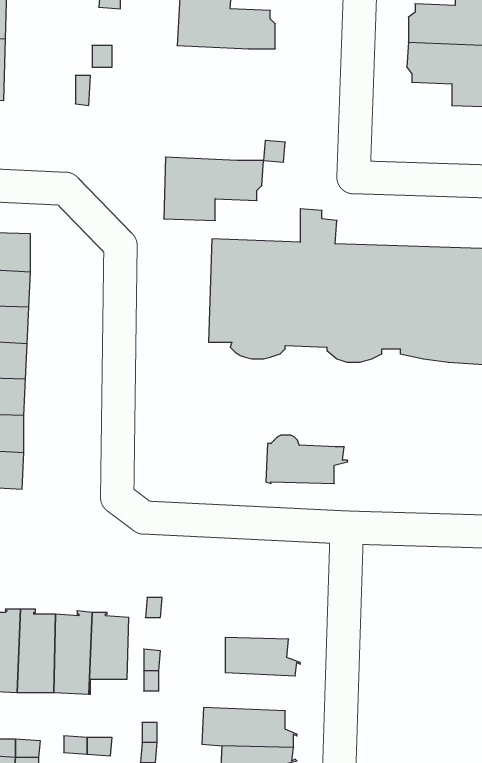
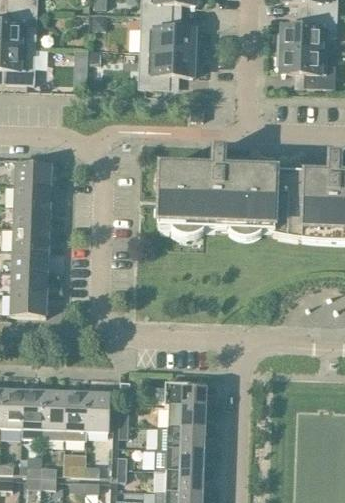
building: [164,157,264,220] -> [137,50,197,88]
building: [266,435,348,484] -> [164,377,213,406]
building: none -> [154,426,211,449]

